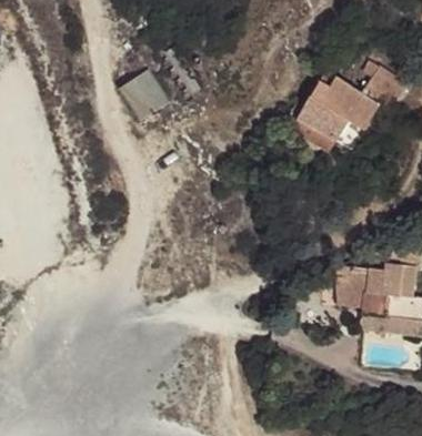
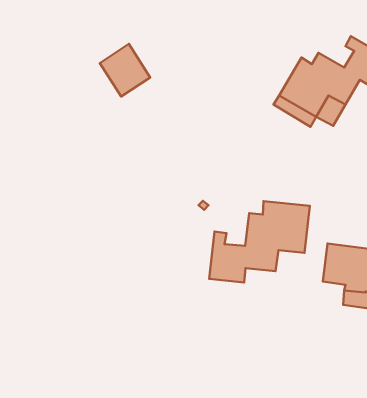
building: none -> [209,201,310,283]

